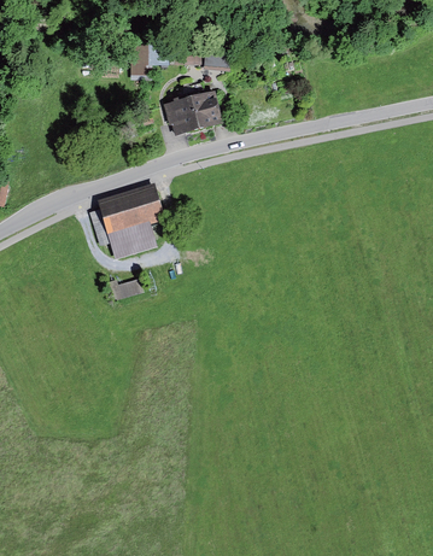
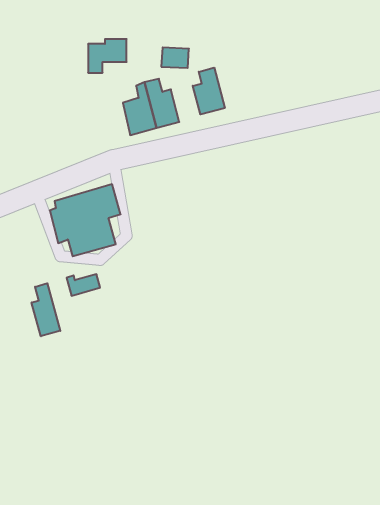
building: none -> [193,68,225,114]
building: none -> [32,283,60,336]

